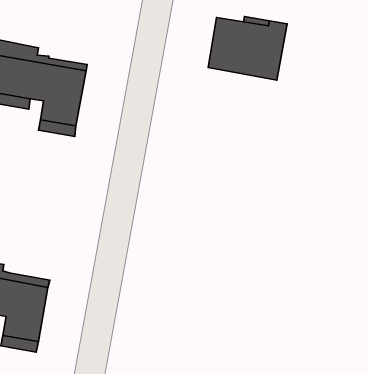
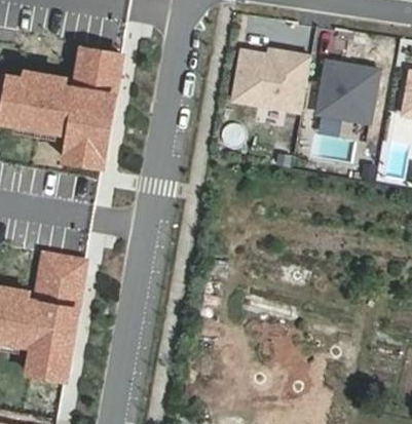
building: none -> [75,48,120,95]
building: none -> [315,60,378,122]
building: none -> [36,255,83,308]

